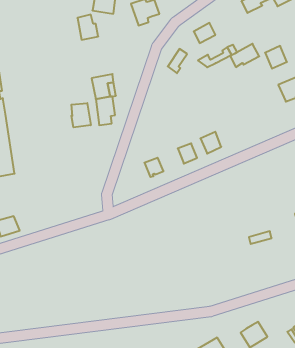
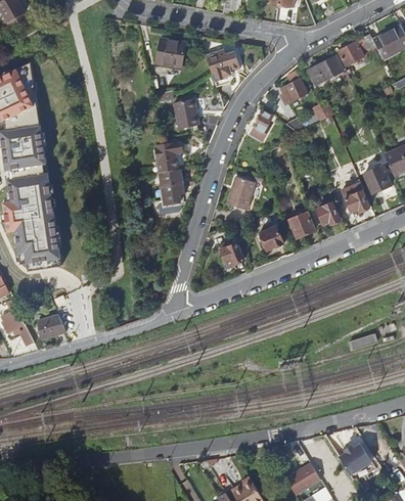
building: [77,15,98,40] -> [174,99,199,130]
building: [230,44,259,67] -> [308,56,344,85]
building: [265,46,287,69] -> [364,167,391,194]
building: [71,103,91,127] -> none
building: none -> [226,177,255,211]
building: none -> [342,182,370,213]
building: none -> [311,202,341,225]

